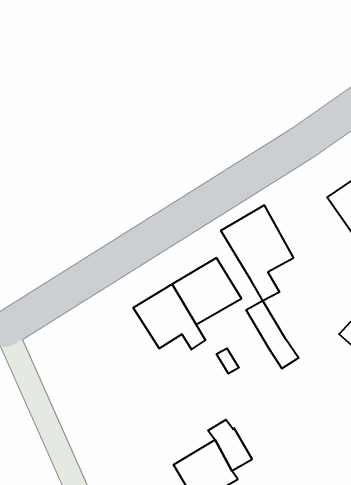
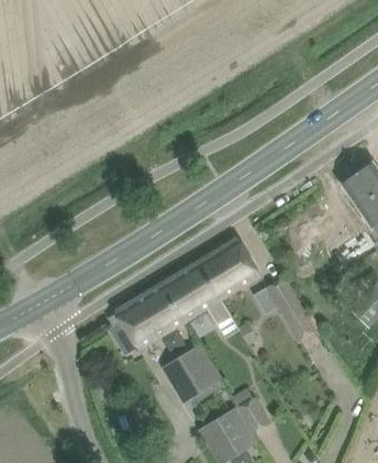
building: [221,205,293,301] -> none
building: none -> [109,285,185,354]
building: none -> [167,348,216,395]

